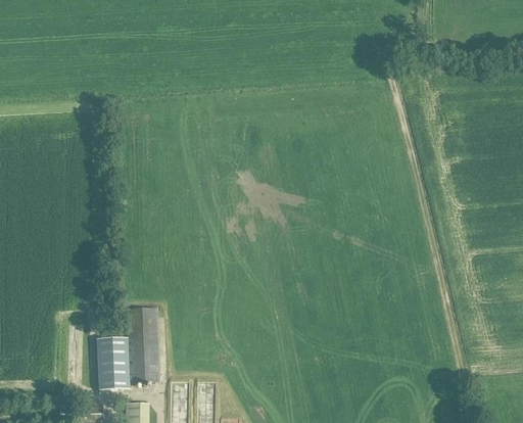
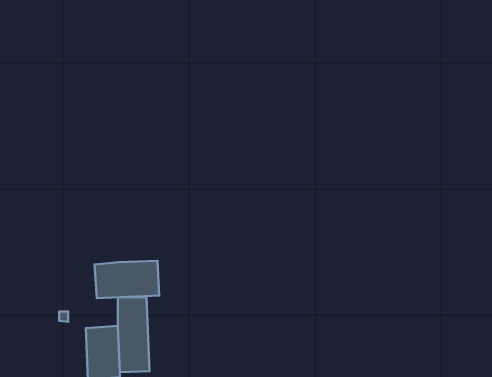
building: none -> [94,261,159,298]

